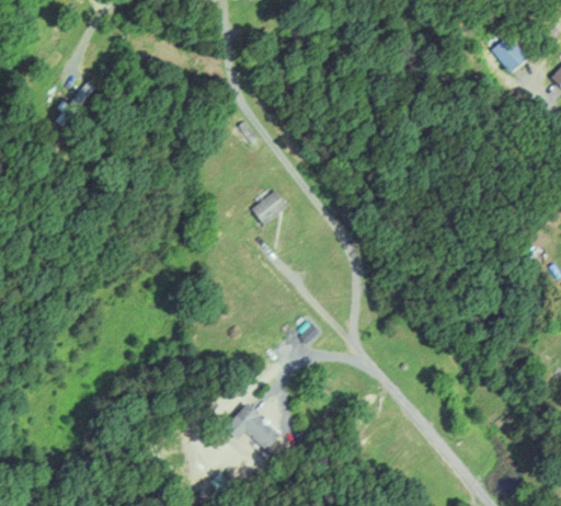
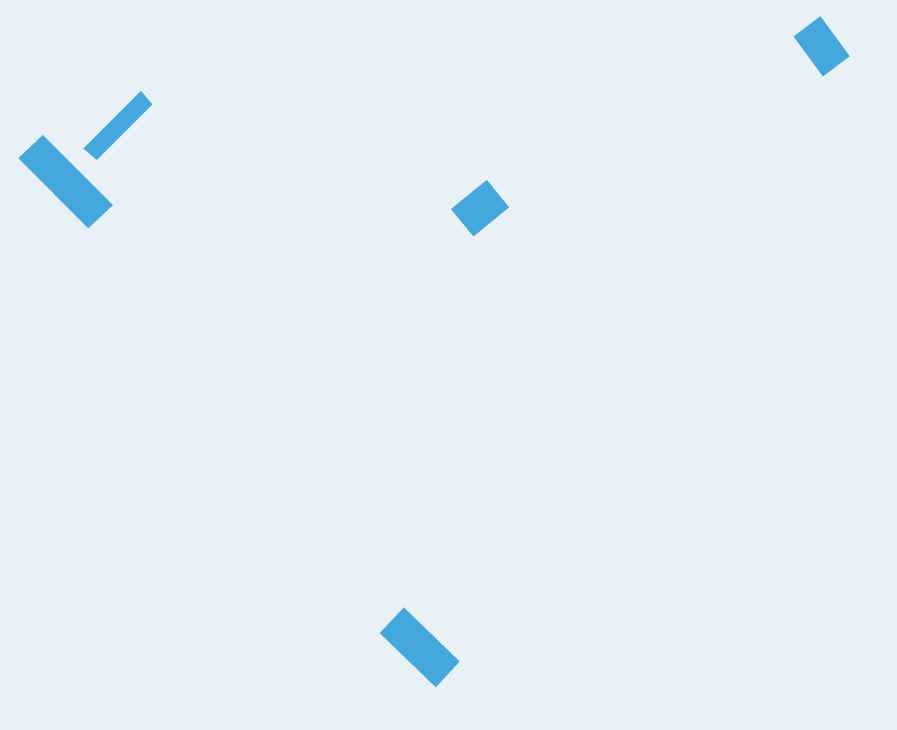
building: none -> [17,134,114,229]
building: [251,189,288,226] -> [450,179,510,238]

